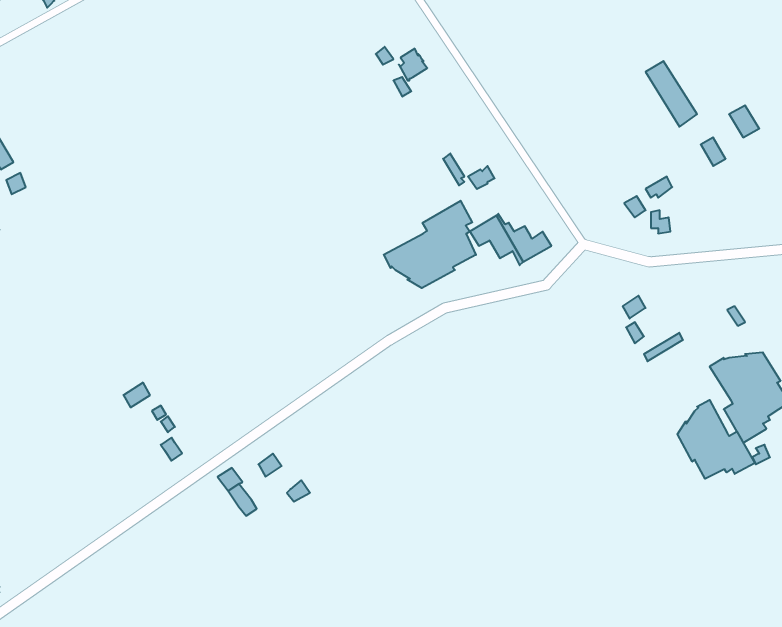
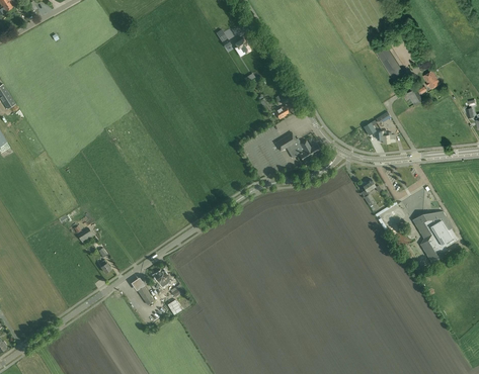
building: [384,201,476,288] -> none
building: [677,400,755,479] -> none

